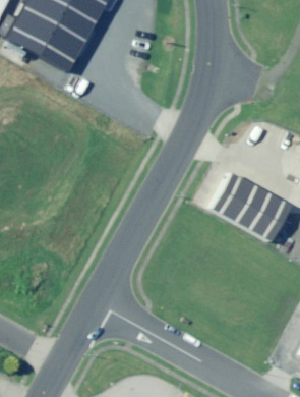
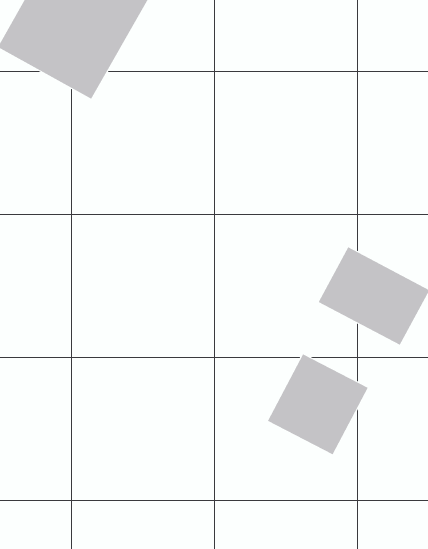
building: none -> [267,353,369,455]

